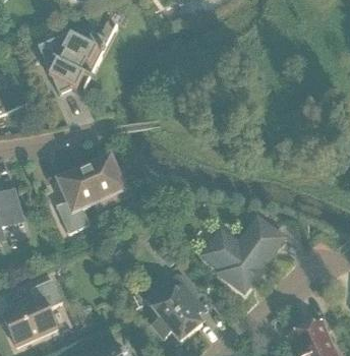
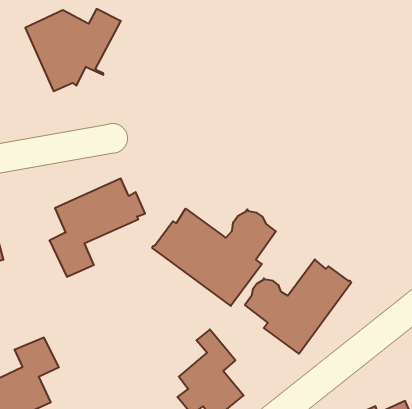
building: none -> [152,209,276,306]

